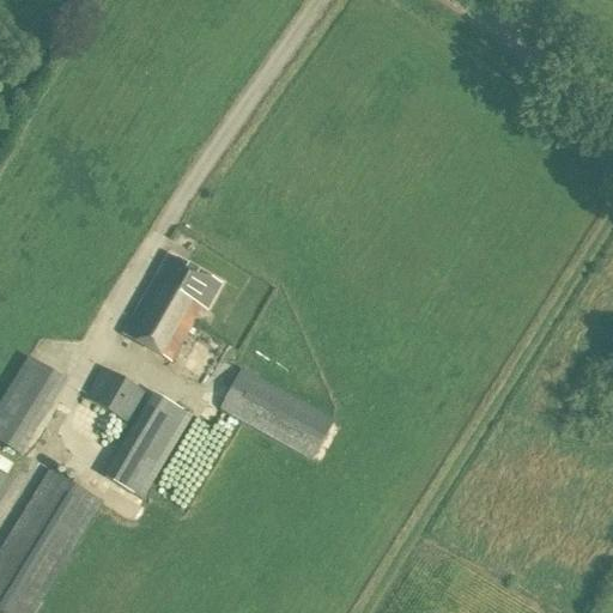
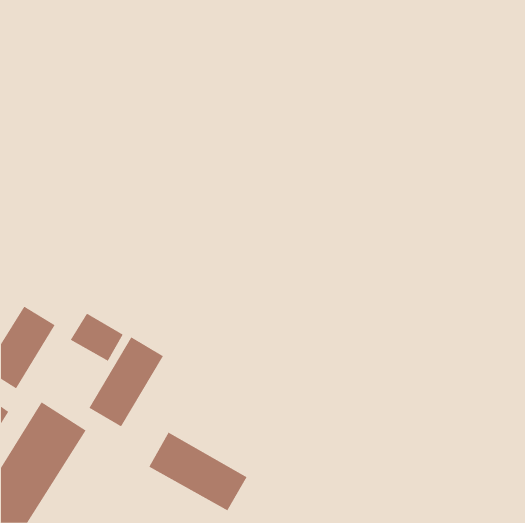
building: [125,251,219,357] -> none
building: [219,366,334,459] -> [149,432,247,511]

